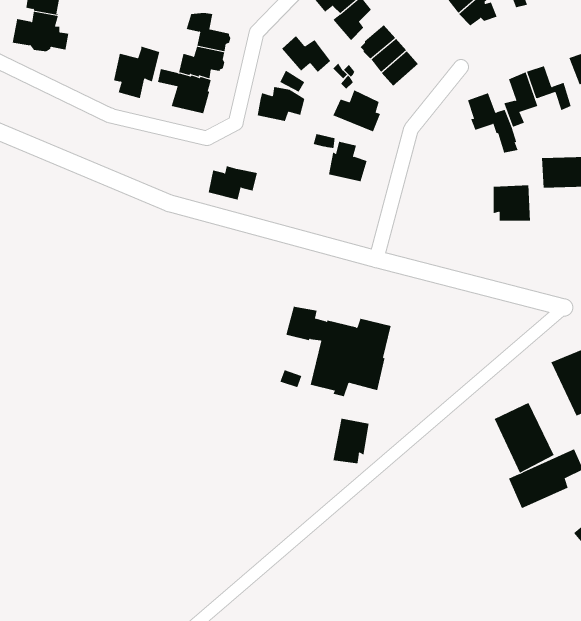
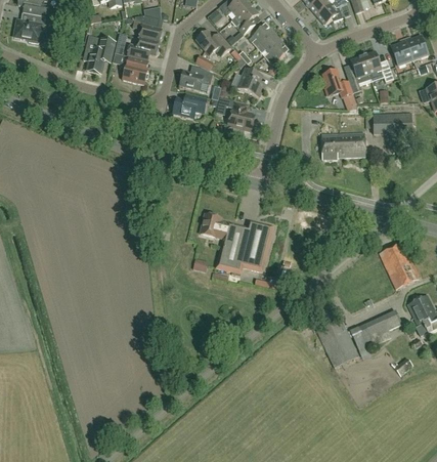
building: [208,165,258,200] -> [173,93,207,117]
building: none -> [321,132,344,159]
building: [494,402,554,473] -> [317,319,358,367]
building: [333,418,369,464] -> none

